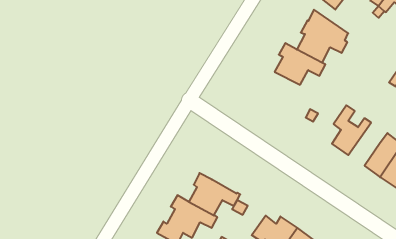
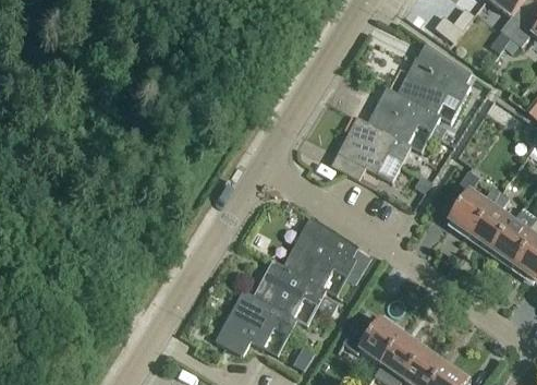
building: none -> [331,117,411,182]
building: none -> [471,193,513,251]
building: none -> [289,219,357,288]

